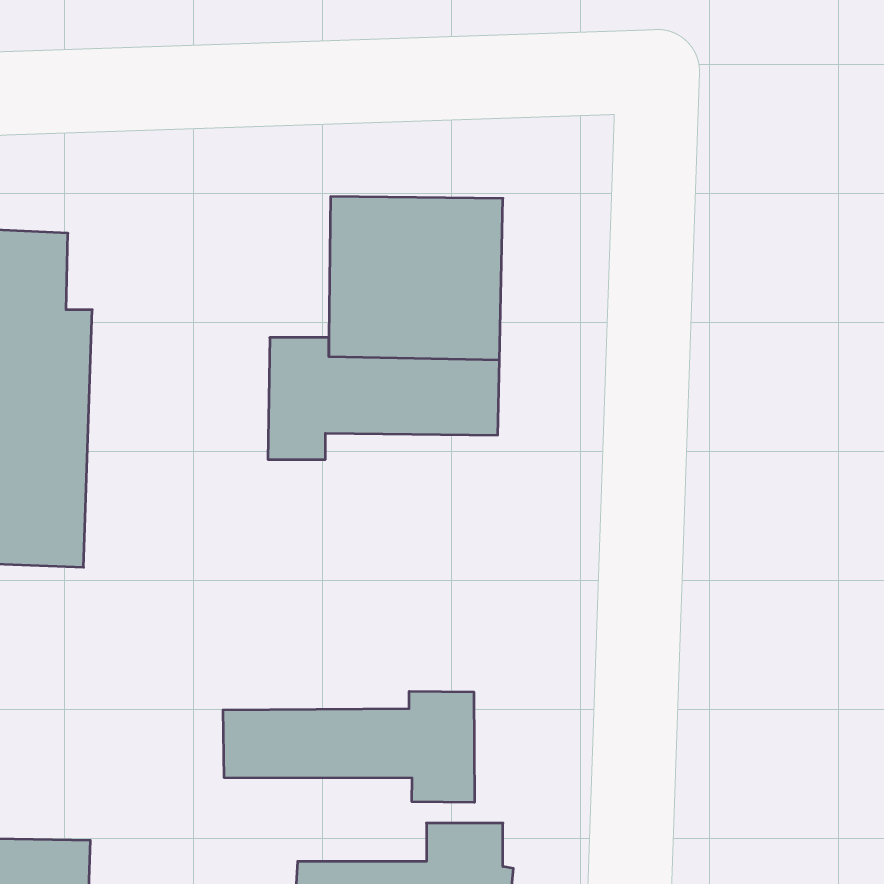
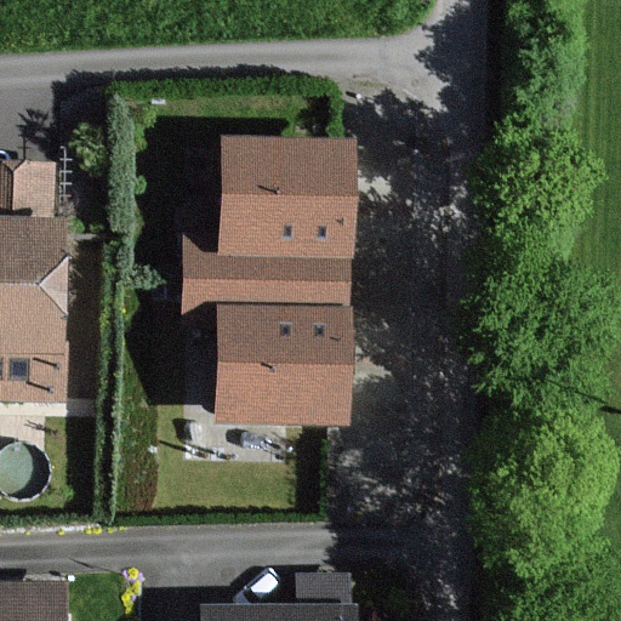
building: none -> [224,306,347,420]
building: [223,691,474,802] -> none

